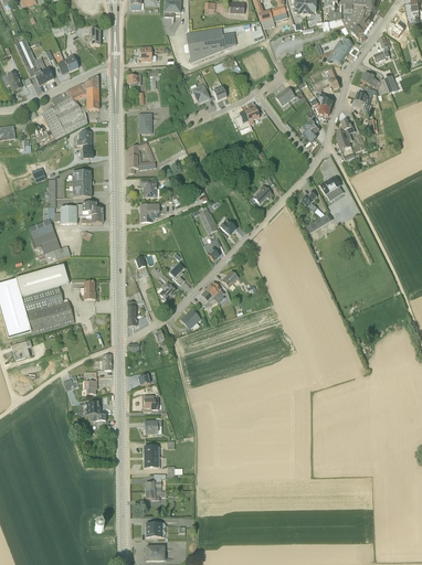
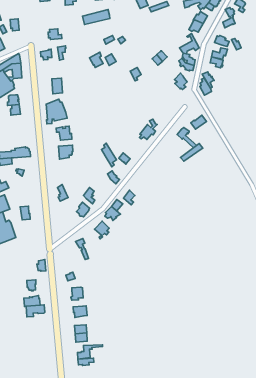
building: [188,32,235,62] -> none
building: [72,170,94,196] -> none

